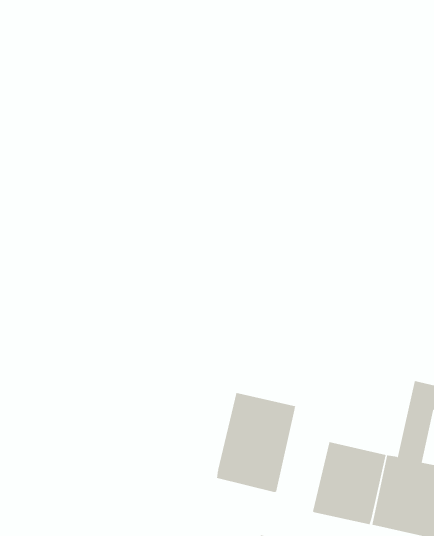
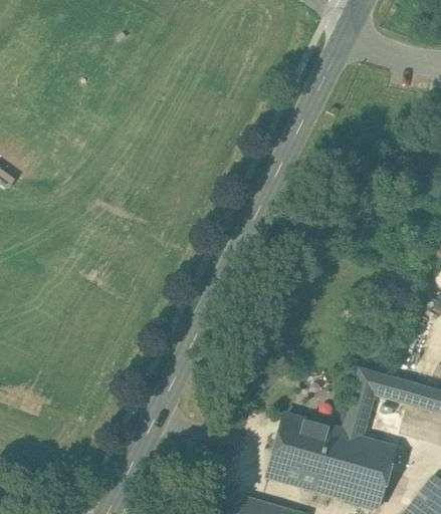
building: [217,392,296,493] -> none

